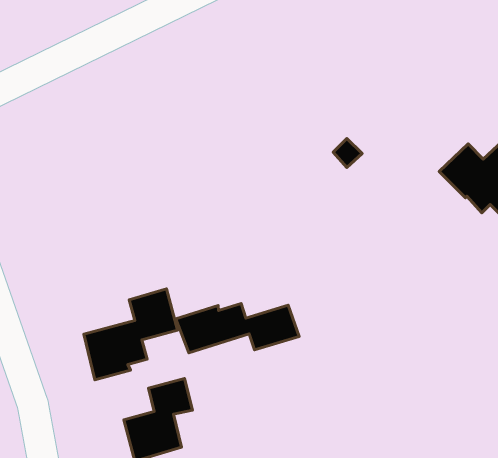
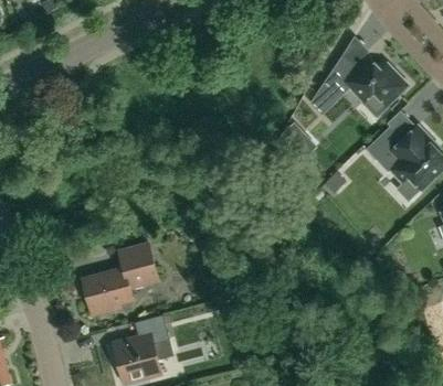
building: none -> [309,53,409,114]
building: [176,303,299,353] -> none

